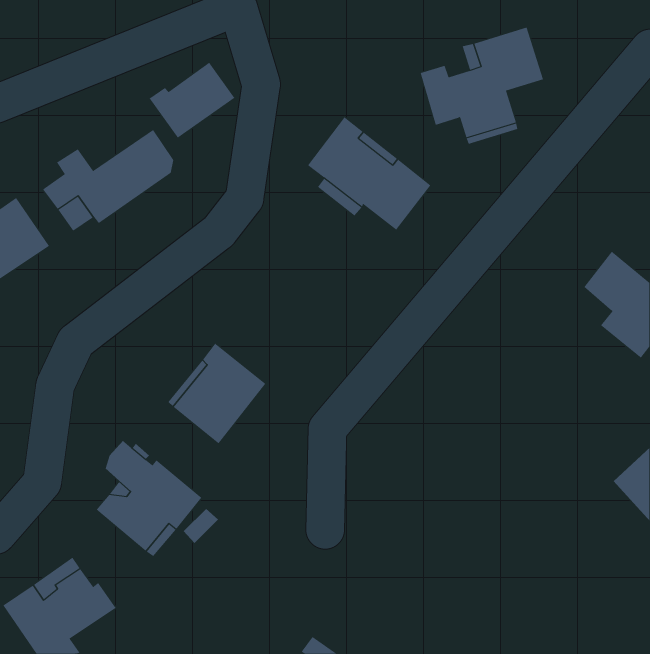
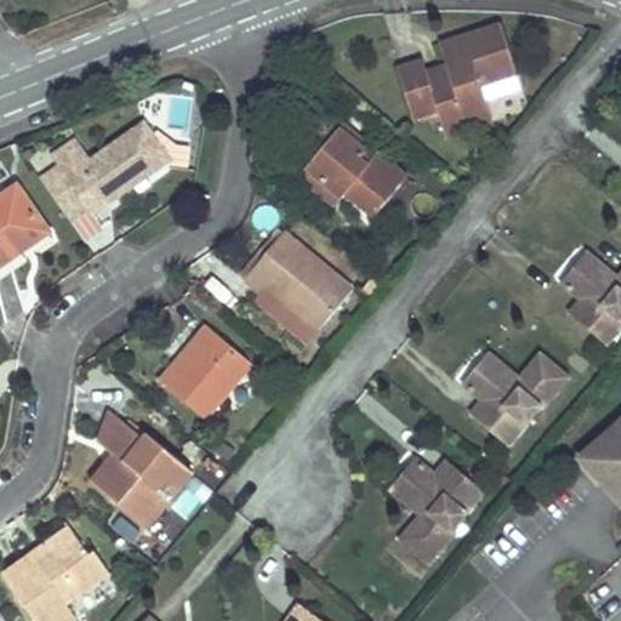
building: [149,62,235,139] -> none
building: none -> [245,233,352,330]
building: none -> [455,340,570,441]
building: none -> [381,445,486,560]

